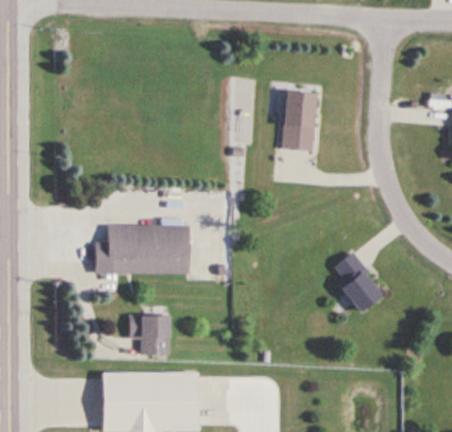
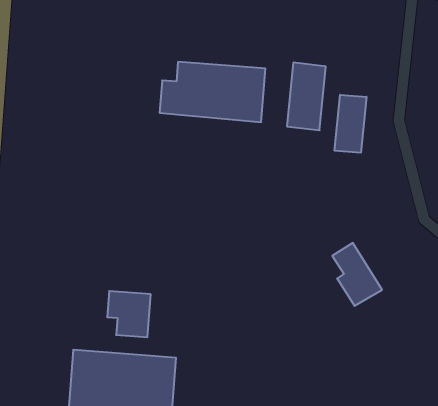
building: none -> [335,95,366,153]
building: [94,224,188,274] -> [160,62,265,122]

